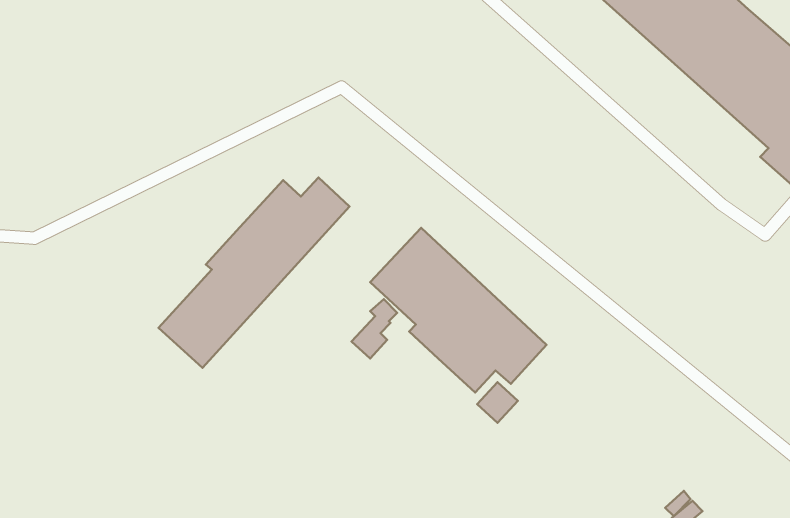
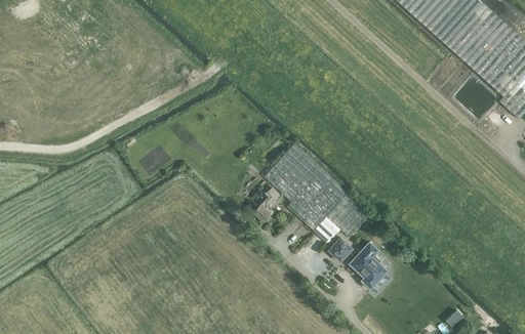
building: [158,177,349,368] -> none
building: none -> [350,242,388,289]

